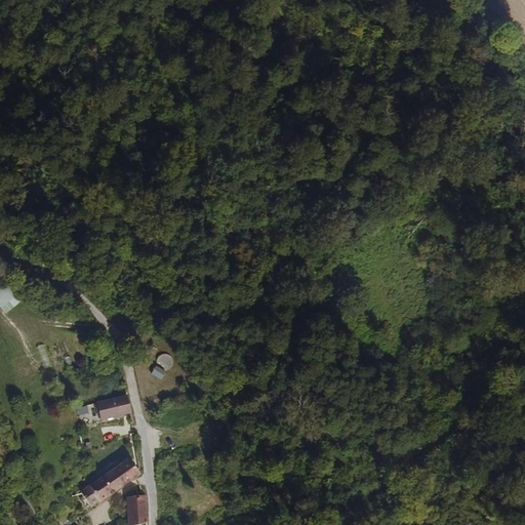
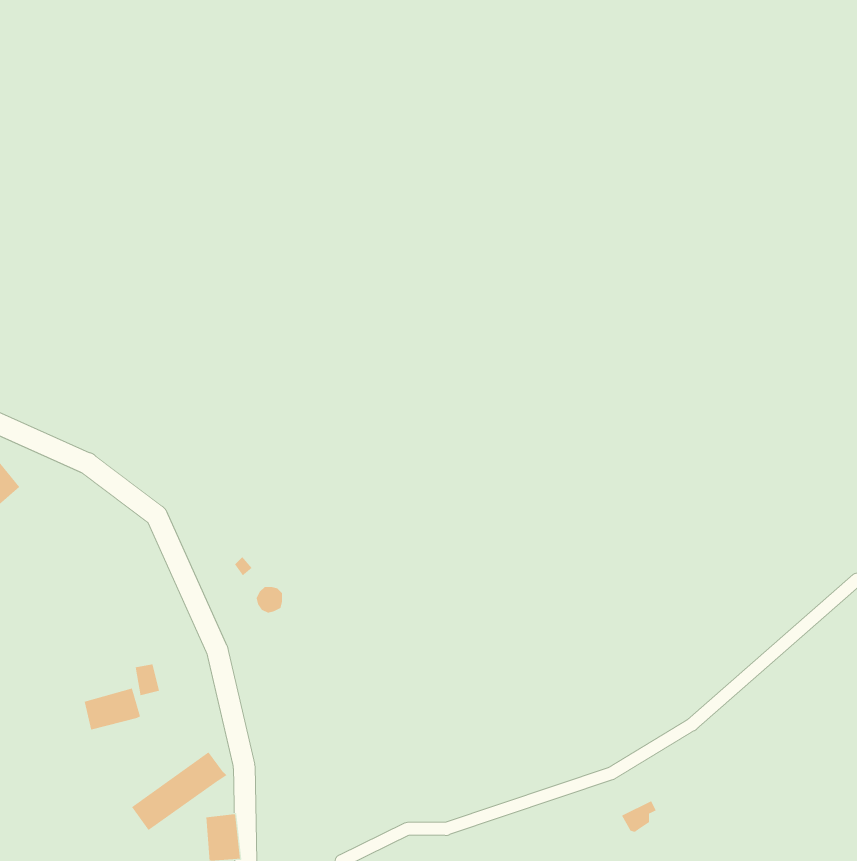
building: [95,395,130,420] -> [84,688,141,730]

